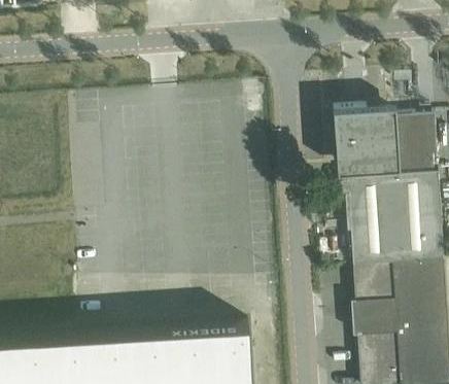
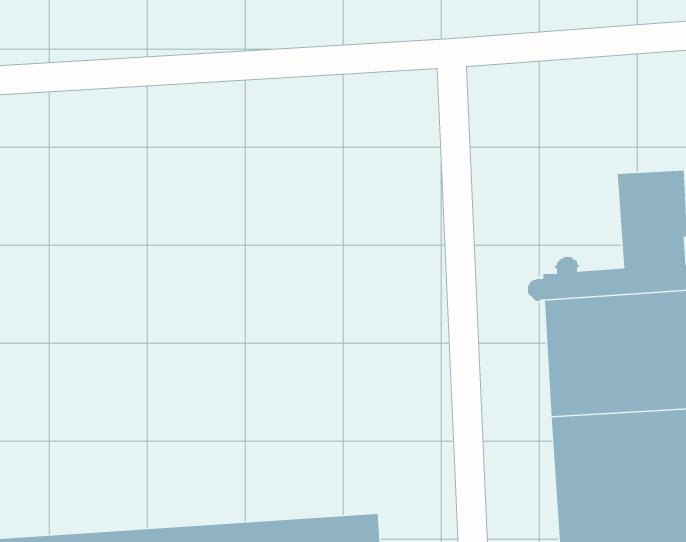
building: [333,109,396,180] -> none

